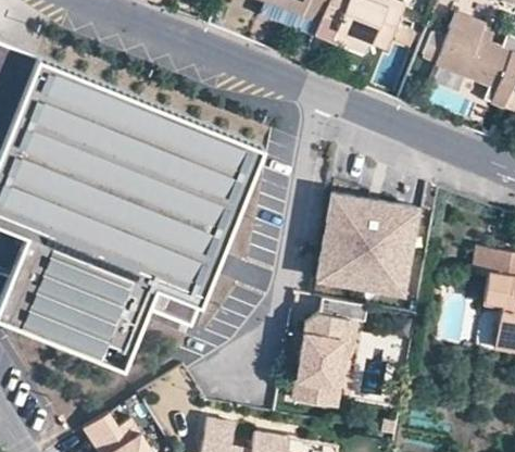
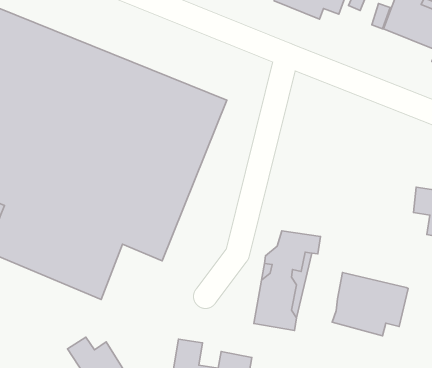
building: [322,198,427,306] -> none
building: none -> [332,272,408,336]

